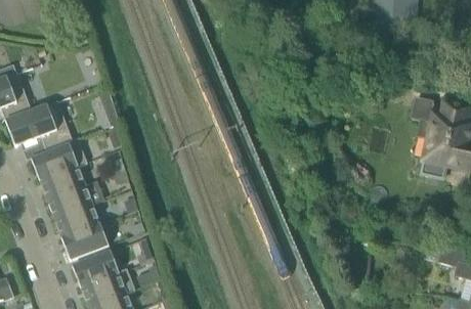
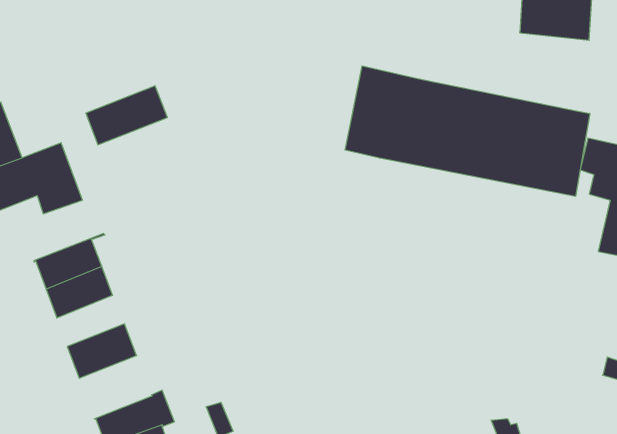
building: none -> [345,66,590,196]
building: [31,139,86,179] -> [86,86,167,145]
building: [54,203,100,237] -> none
building: [72,250,119,286] -> none

